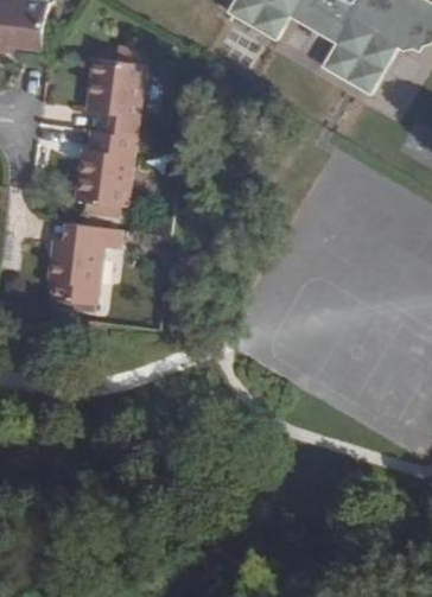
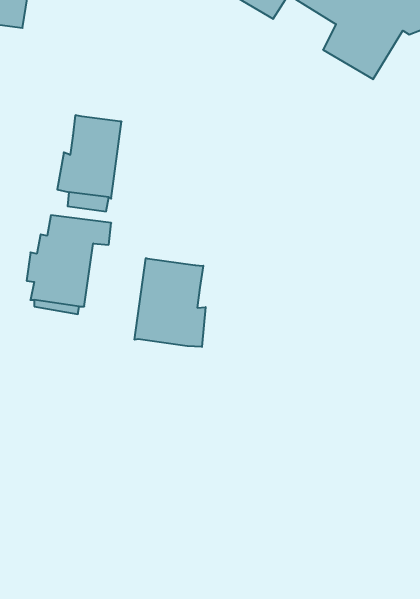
building: [88,57,142,134] -> none
building: none -> [135,258,206,347]

